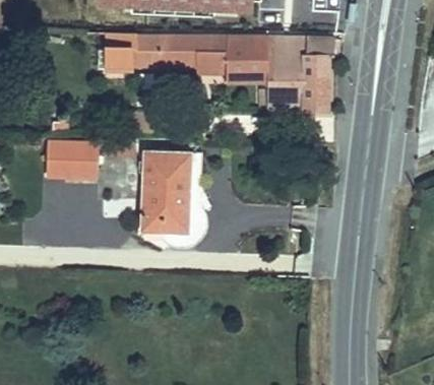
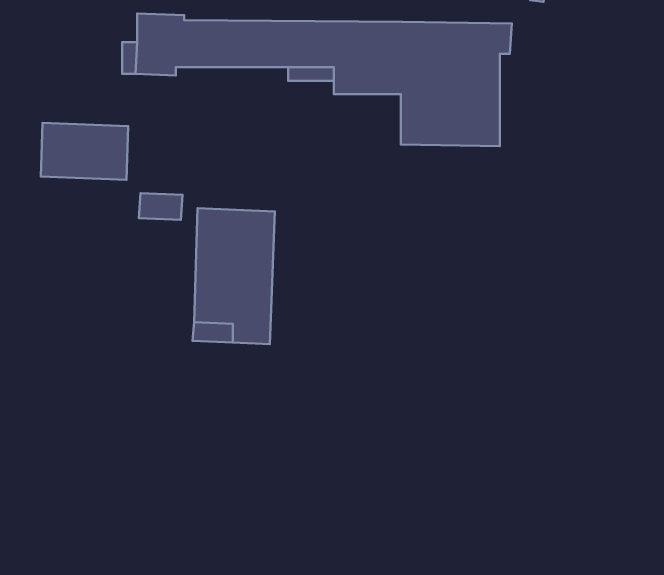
building: [45,142,98,177] -> [41,123,128,180]

